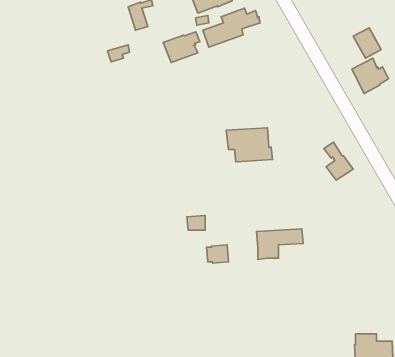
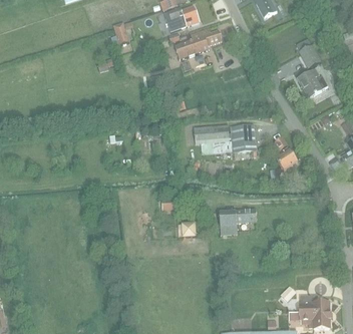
building: [163,32,200,63] -> none
building: none -> [230,124,256,151]

